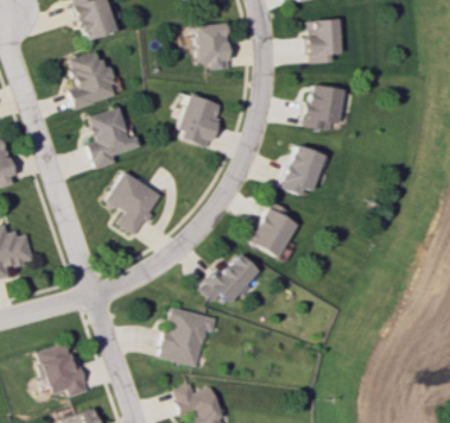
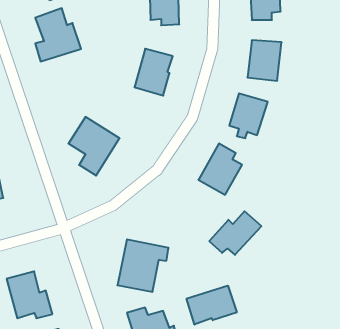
building: [88,107,141,169] -> none
building: [202,254,260,303] -> [209,211,261,255]
building: none -> [187,286,237,325]

